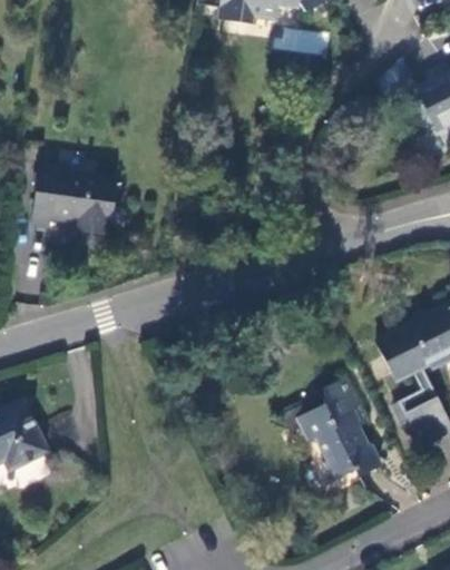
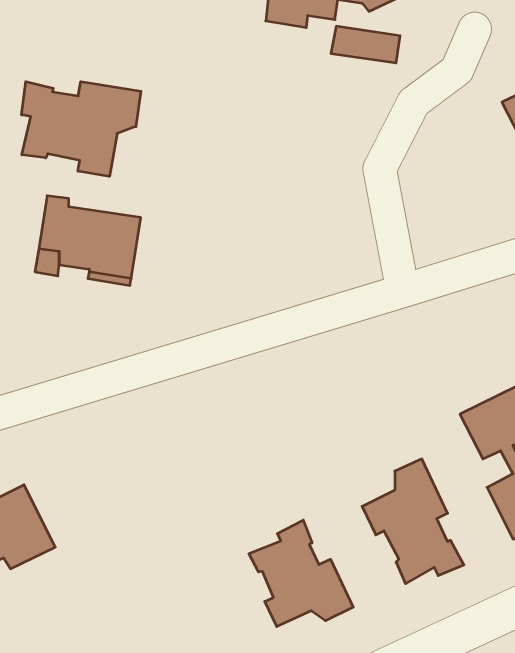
building: none -> [22,82,141,176]
building: none -> [249,520,353,627]

